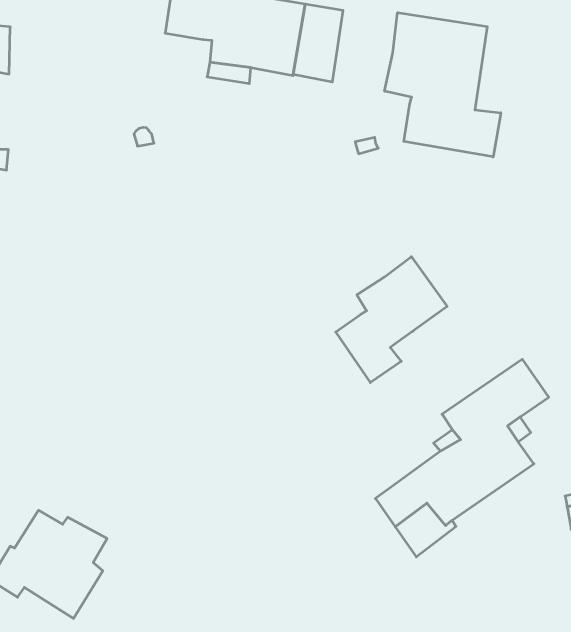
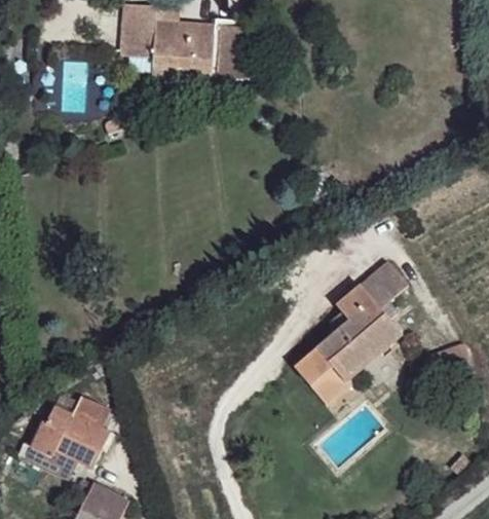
building: [385,13,501,157] -> none
building: [336,257,447,383] -> none

